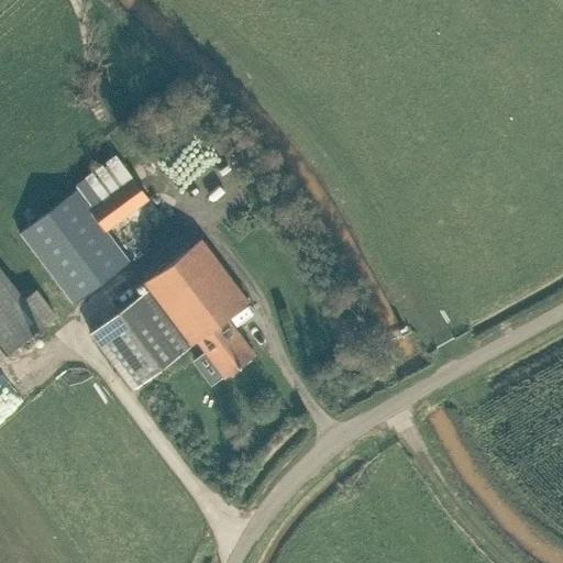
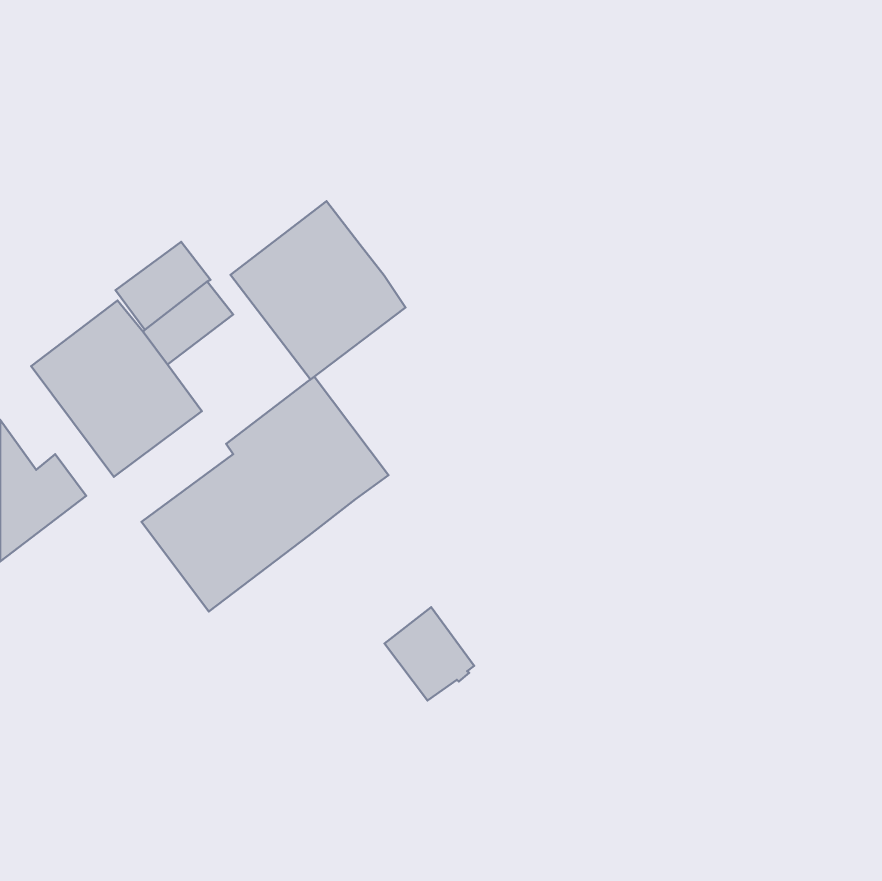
building: none -> [231,201,406,379]
building: [197,319,254,378] -> [384,607,474,700]

